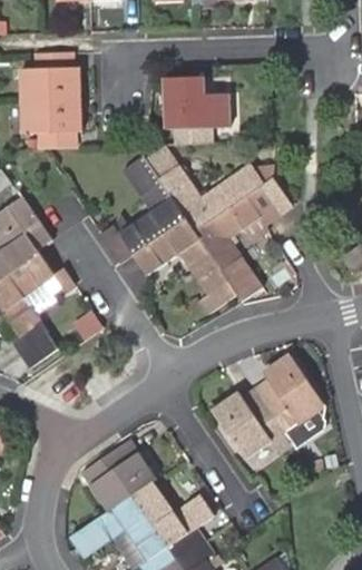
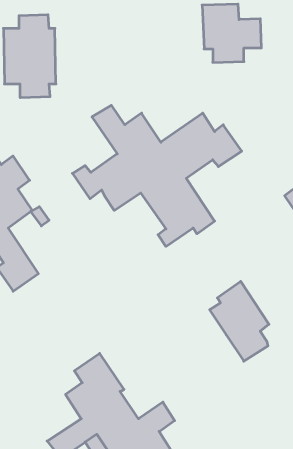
building: [162,75,229,141] -> [202,4,261,62]
building: [213,387,274,456] -> none

